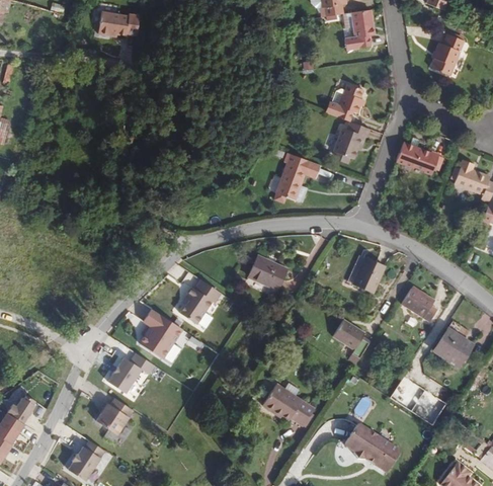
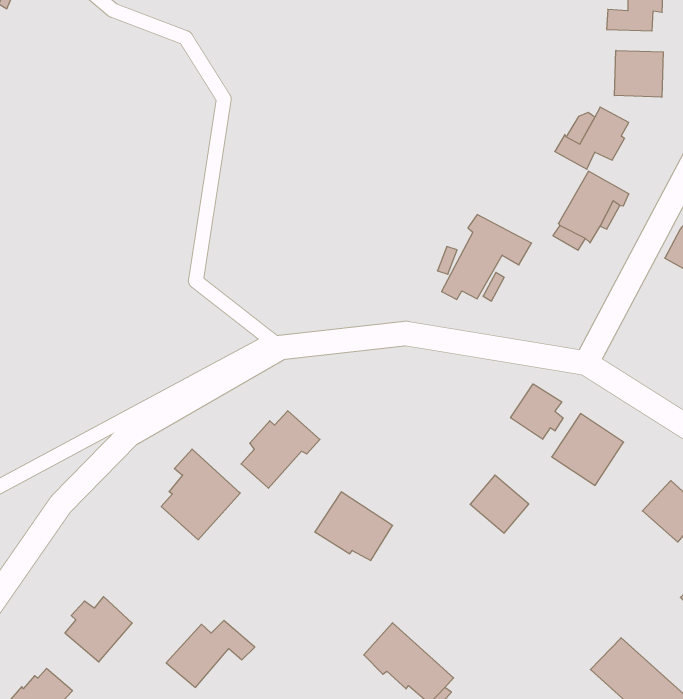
building: none -> [614,50,663,97]
building: none -> [511,384,563,439]
building: [244,252,286,288] -> [315,492,393,561]
building: [335,321,367,352] -> [470,475,529,533]
building: [106,352,154,392] -> [166,620,255,687]

